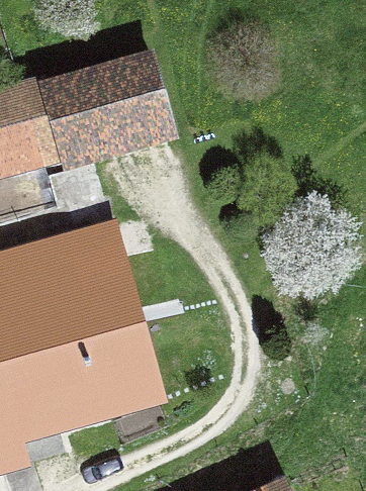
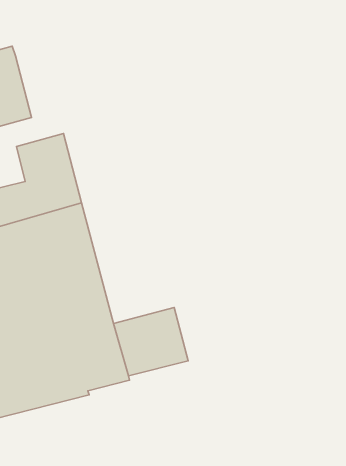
building: [47,62,169,154] -> none

